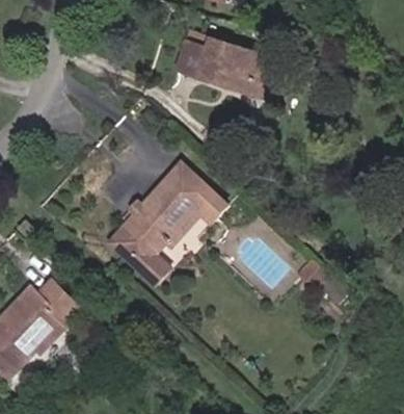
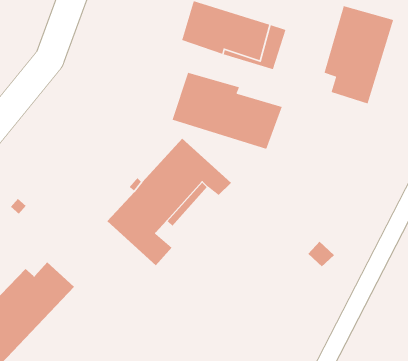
building: none -> [324,5,394,104]
building: none -> [171,72,283,150]

